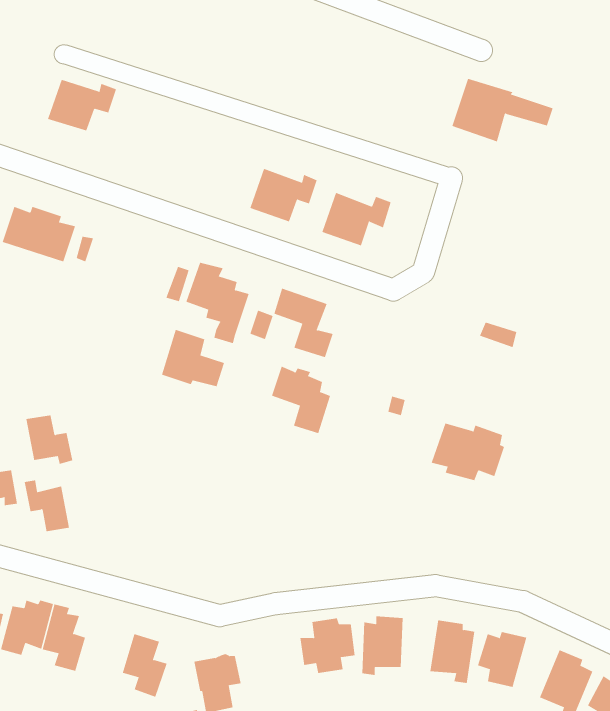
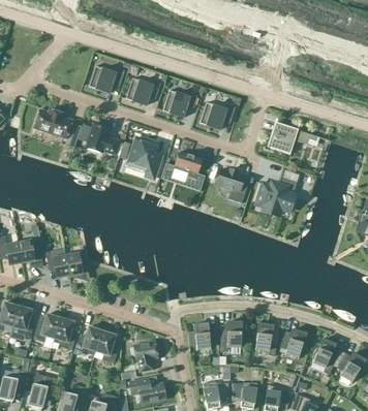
building: [452,78,553,142] -> [267,121,319,154]
building: [47,79,117,131] -> [89,65,125,92]
building: none -> [126,77,161,104]
building: [161,329,225,387] -> [87,123,120,153]
building: [271,366,331,434] -> [217,167,248,202]
building: [25,415,73,465] -> [65,251,90,277]
building: [431,423,505,481] -> [256,183,295,213]
building: none -> [74,325,102,354]

